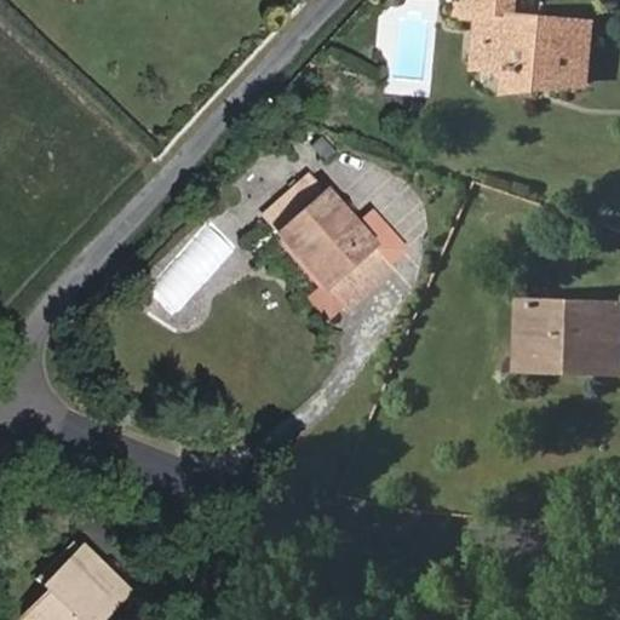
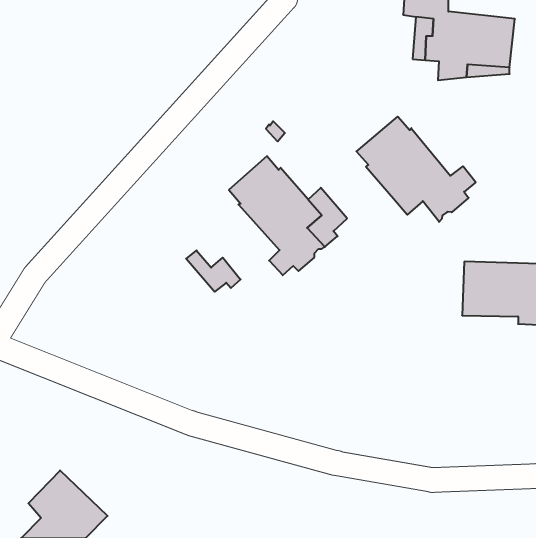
building: none -> [356,117,476,222]
building: none -> [186,250,241,292]
building: [521,300,598,372] -> none

